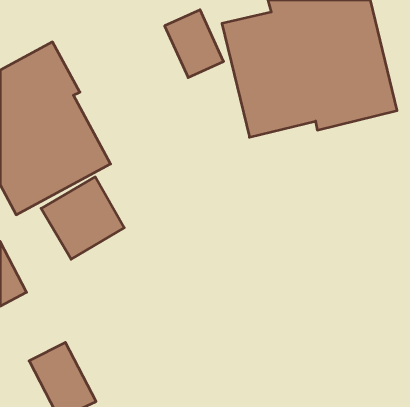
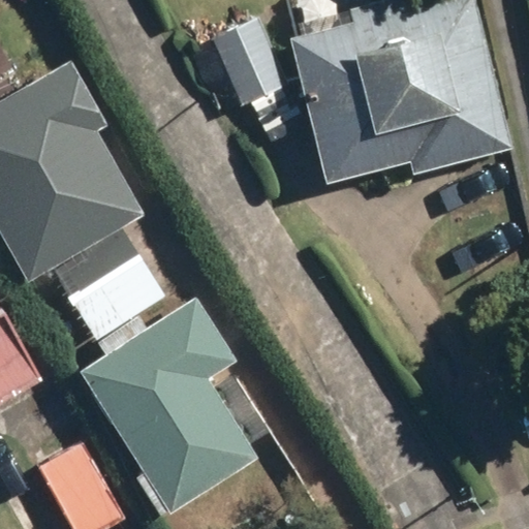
building: none -> [76,295,256,512]

